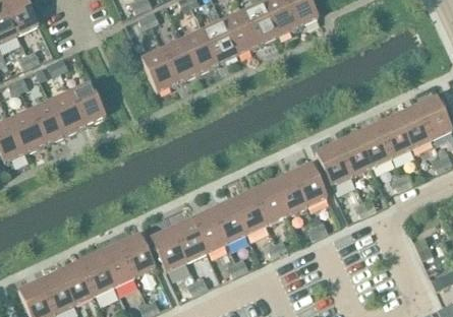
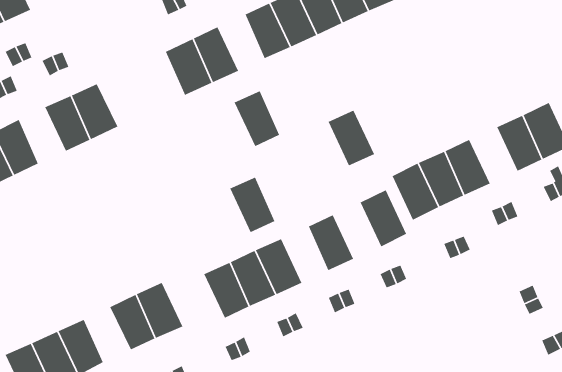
building: [182,28,218,72] -> [234,90,280,147]
building: [30,100,65,143] -> none
building: [376,115,412,158] -> none
building: [271,173,307,216] -> [327,109,375,166]
building: [231,191,267,235] -> [229,176,275,233]
building: [151,228,187,271] -> none
building: [79,253,115,296] -> none

